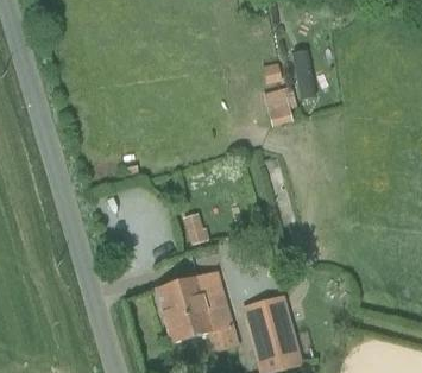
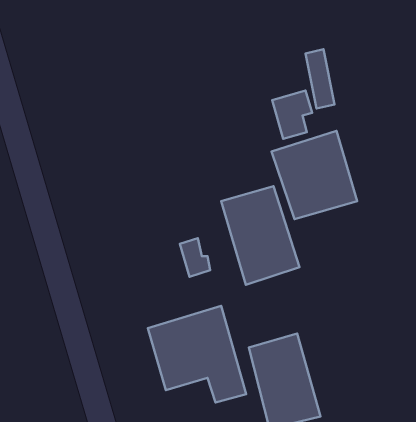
building: none -> [272,131,357,219]
building: none -> [221,186,300,285]

